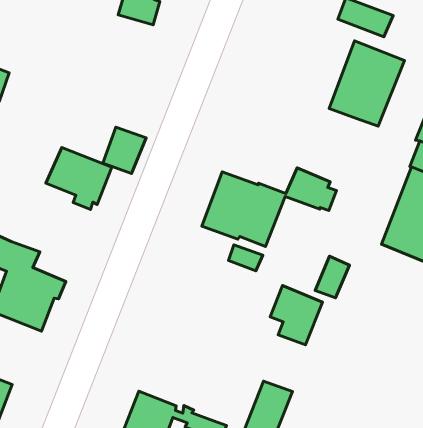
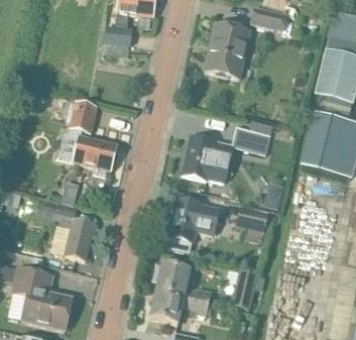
building: [329,41,405,126] -> [205,22,250,77]
building: [103,127,146,174] -> [70,102,96,131]
building: none -> [167,197,219,251]
building: none -> [151,262,211,302]

